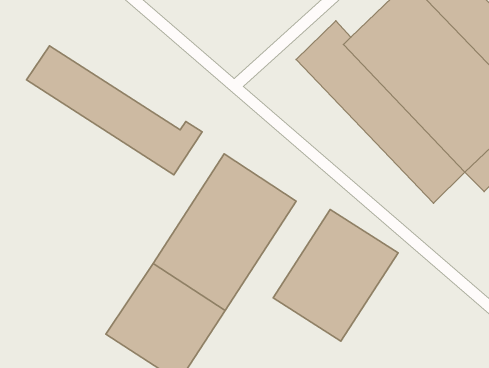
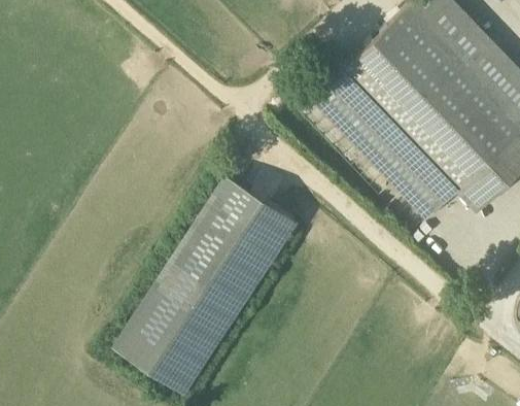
building: [27,46,202,175] -> none
building: [273,209,398,341] -> none

